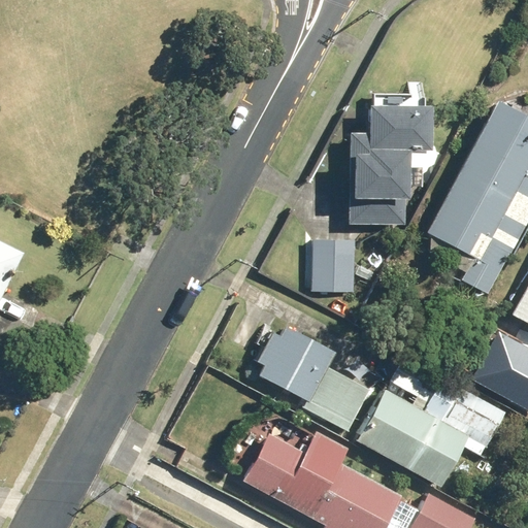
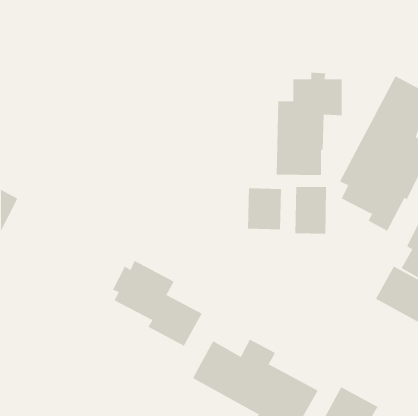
building: none -> [295,186,327,234]
building: [258,324,371,432] -> [112,260,202,346]
building: [357,378,506,487] -> none

